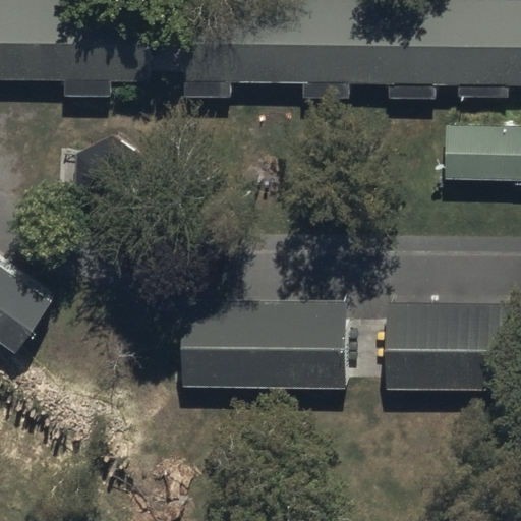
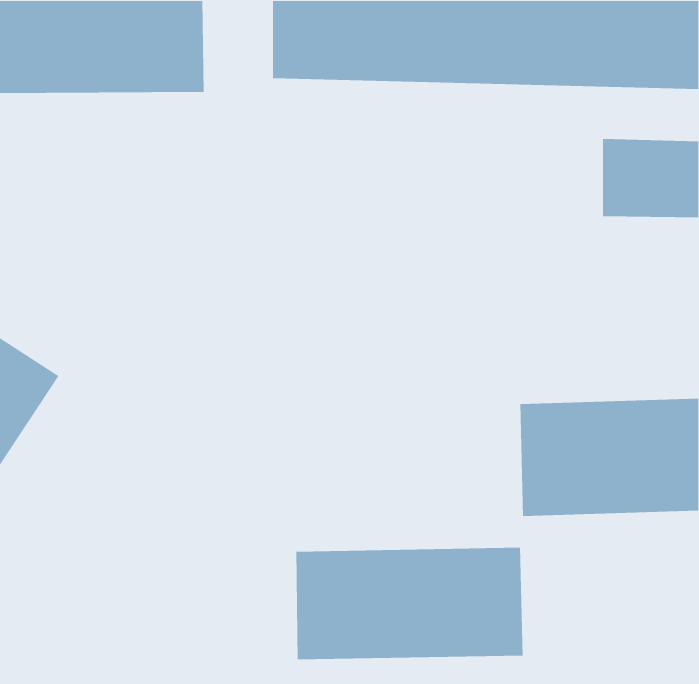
building: [181,311,349,395] -> [296,547,524,660]

